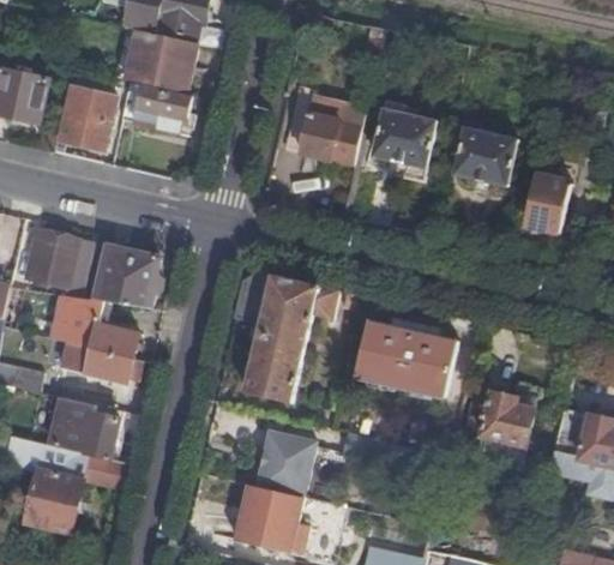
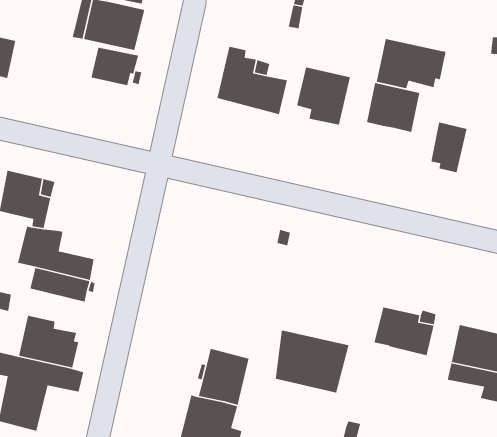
building: none -> [376,38,446,89]
building: [58,85,115,150] -> none
building: [91,242,165,306] -> none
building: [240,276,347,409] -> none
building: [368,321,455,396] -> [275,329,349,393]

